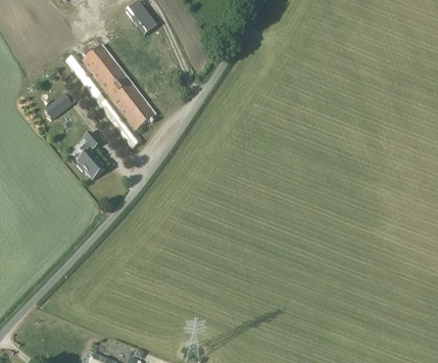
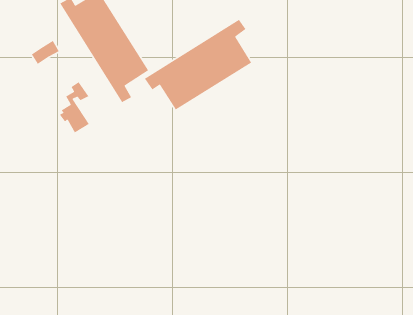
building: none -> [144,19,252,111]

